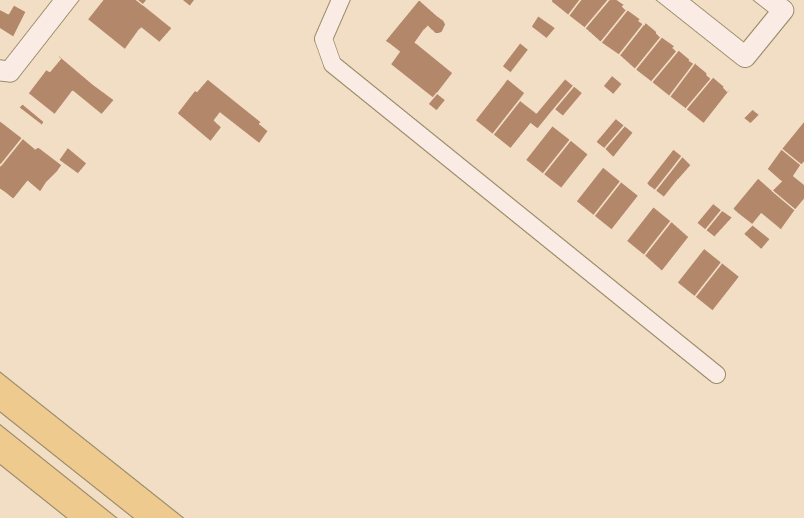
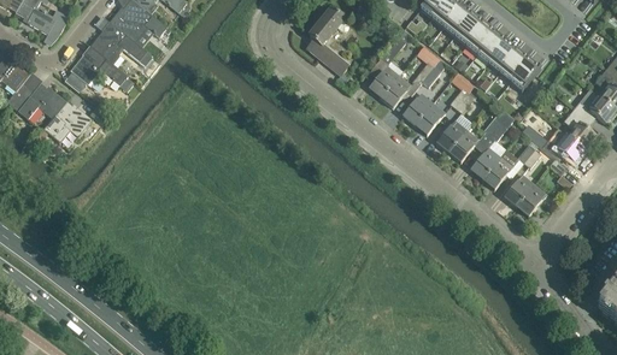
building: [177,79,269,144] -> [90,23,152,66]

